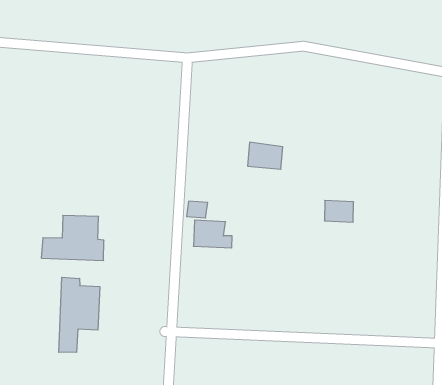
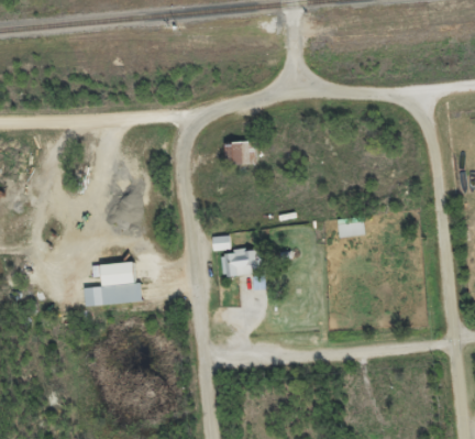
building: [248,142,283,169] -> [224,142,256,164]
building: [59,277,100,352] -> none

